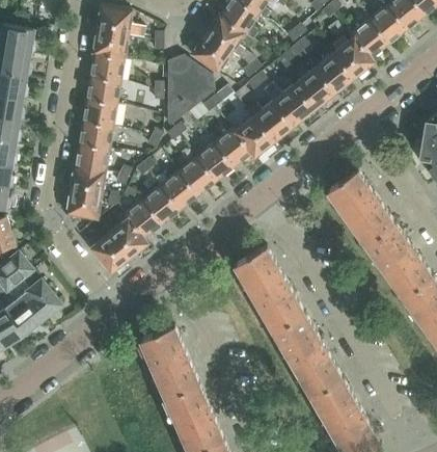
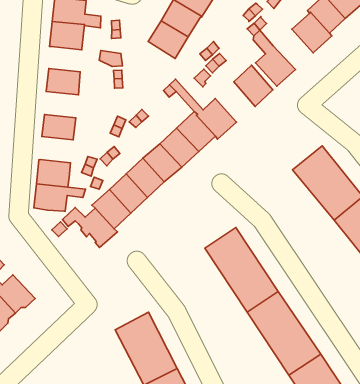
building: [315,52,354,92] -> none
building: [89,54,125,81] -> none
building: [167,55,215,113] -> none
building: [82,99,117,127] -> none
building: [253,101,293,141] -> none
building: [75,143,109,171] -> none
building: [90,233,129,273] -> none

